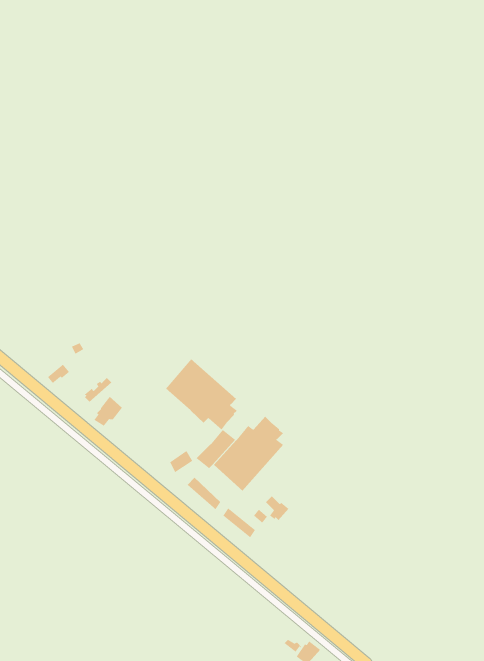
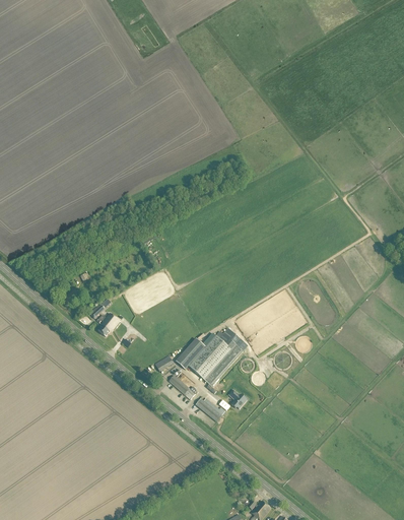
building: [165,359,238,430] -> none

